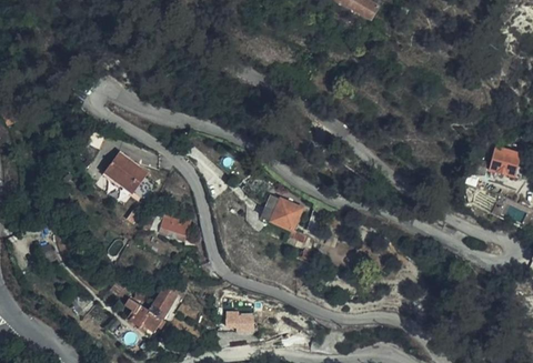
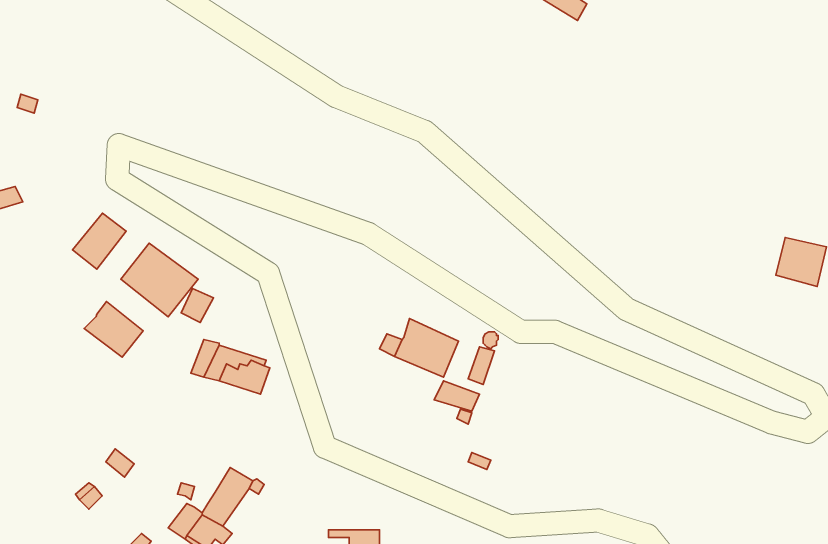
building: none -> [73,213,126,269]
building: none -> [84,302,143,357]

